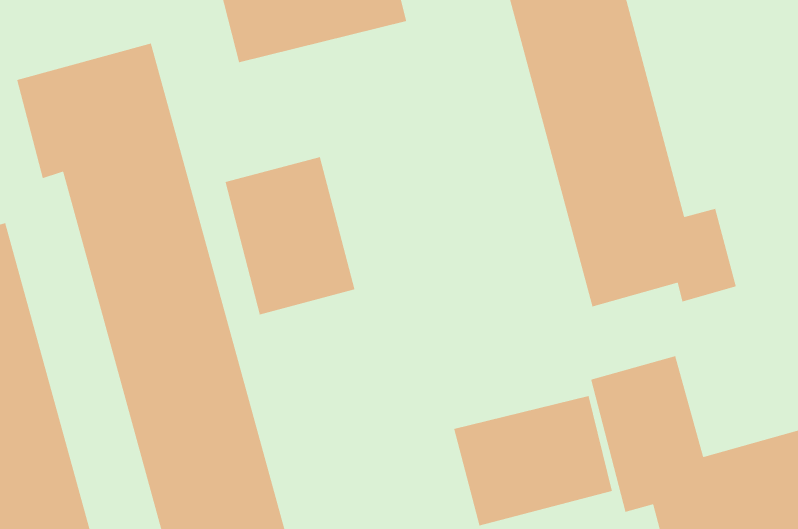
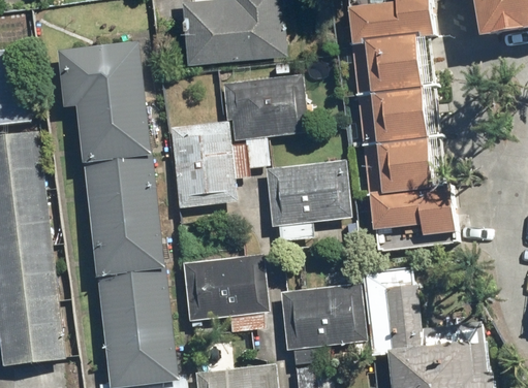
building: none -> [221,74,310,142]
building: none -> [266,160,352,226]
building: none -> [182,255,269,321]

